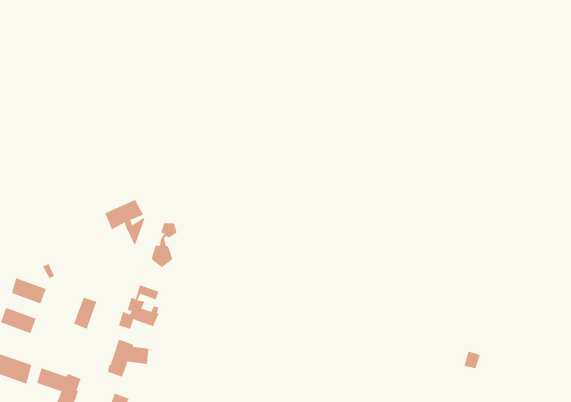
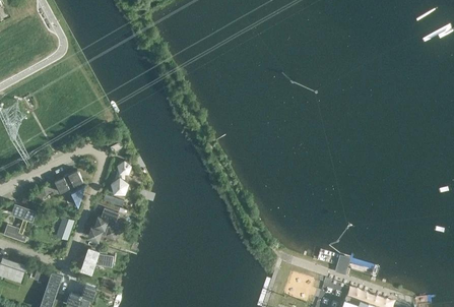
building: [104,199,145,246] -> [54,172,83,205]

